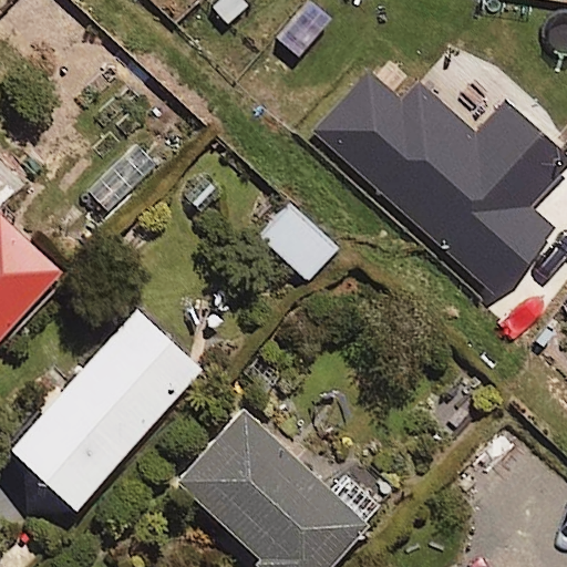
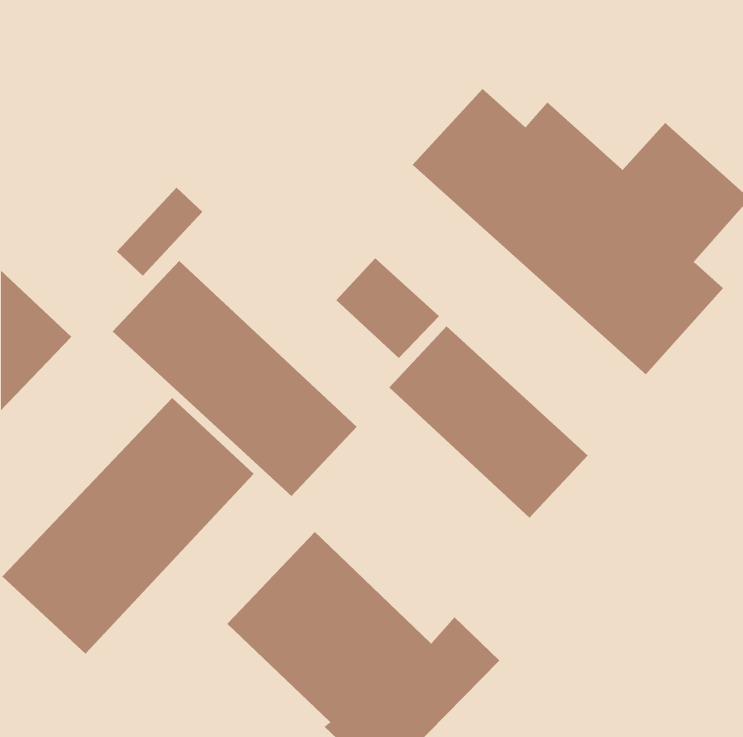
building: none -> [112,260,357,497]
building: none -> [389,325,589,519]

